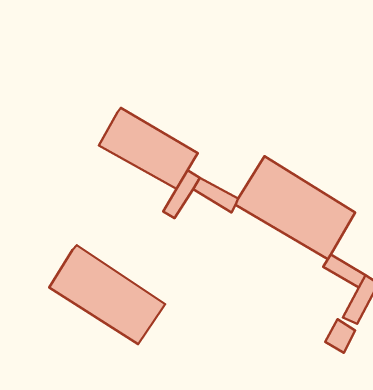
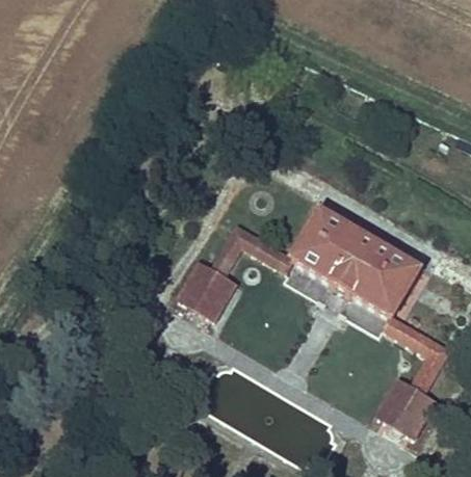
building: [99,108,198,189] -> none
building: none -> [185,267,229,310]
building: [49,245,165,344] -> none

